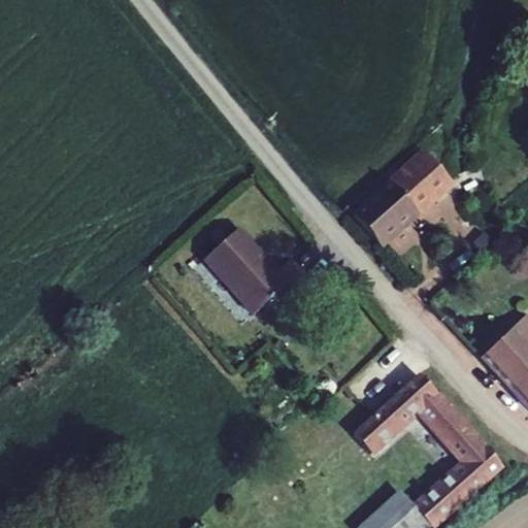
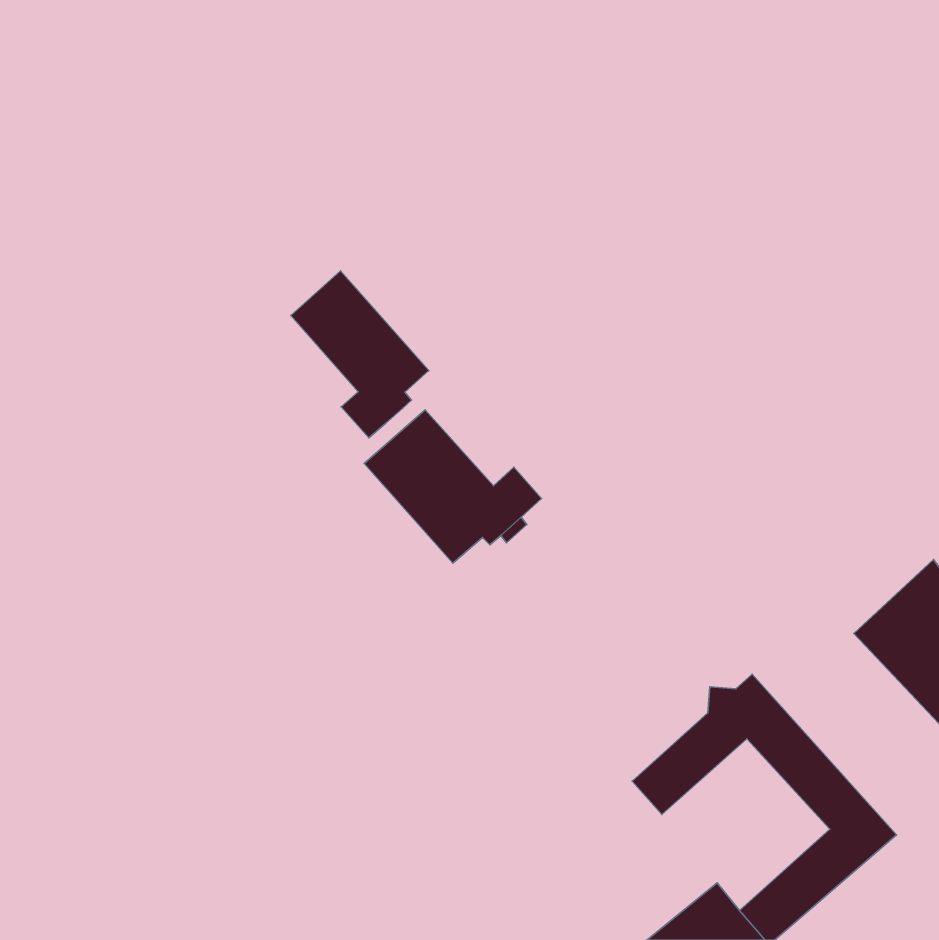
building: [356,150,442,245] -> none
building: none -> [291,271,429,438]

